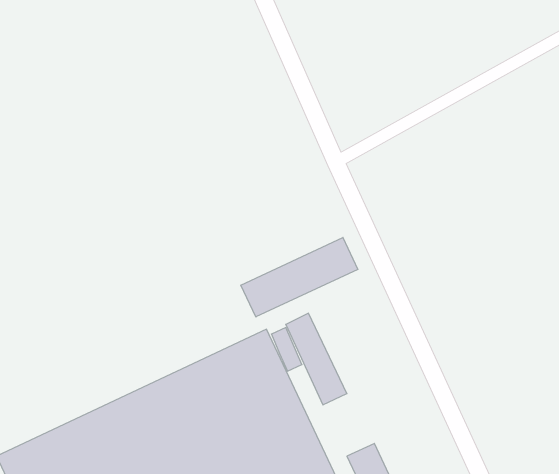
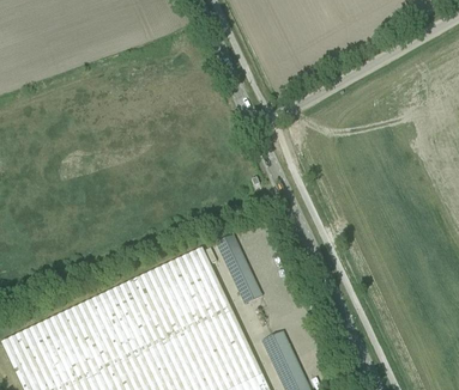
building: [241,237,358,317] -> none

